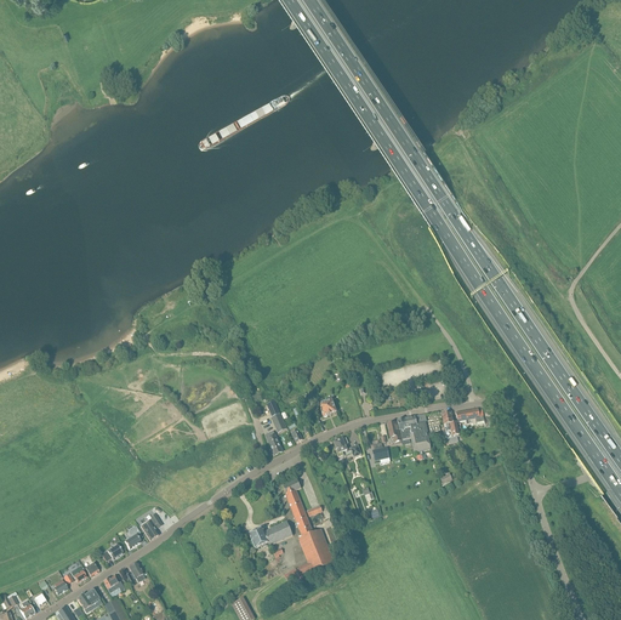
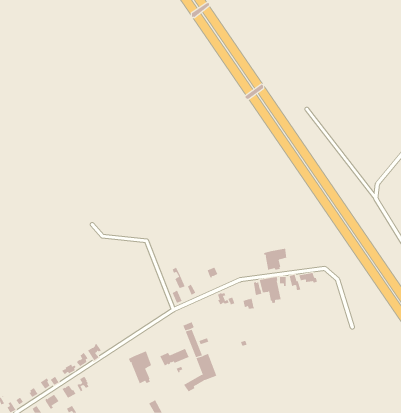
building: none -> [264,248,287,271]
building: none -> [128,350,152,384]

